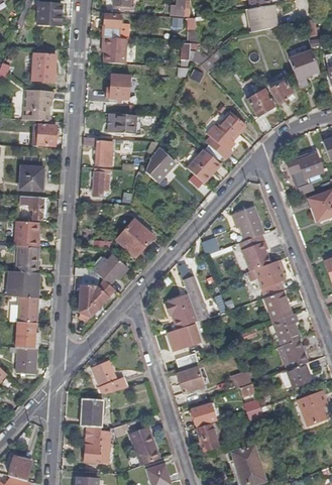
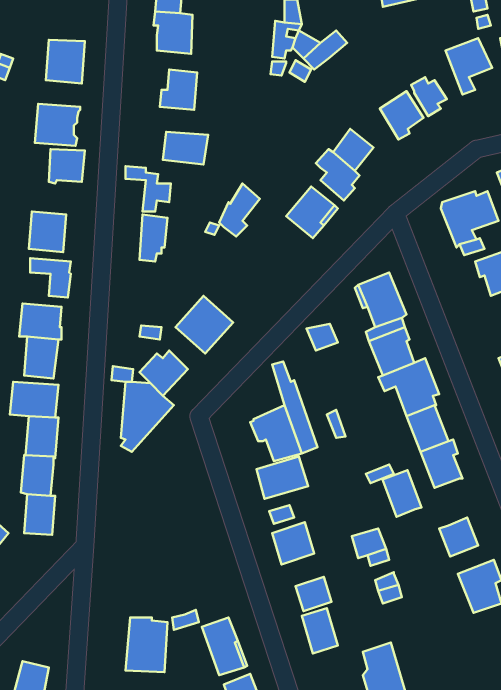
building: [283,338,308,368] -> [382,470,421,517]
building: [92,361,127,393] -> none
building: [81,400,105,428] -> none

